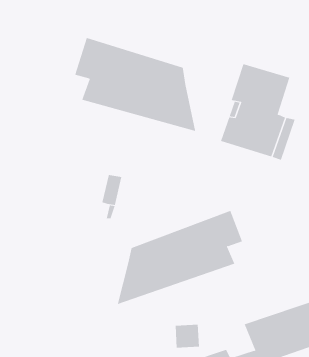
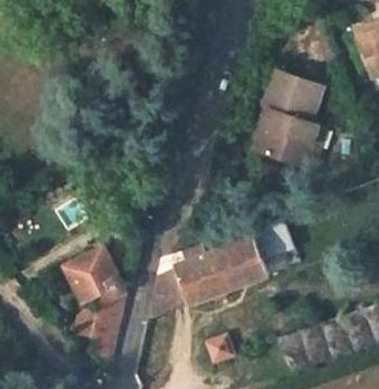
building: [75,37,196,132] -> none
building: none -> [63,246,126,359]

